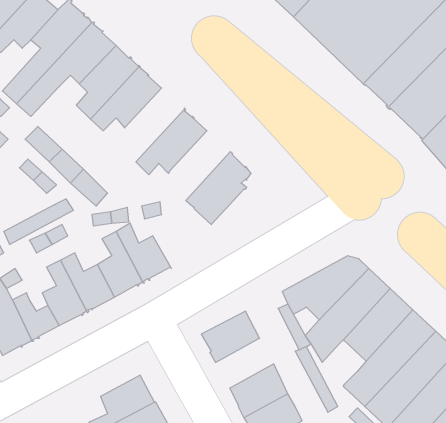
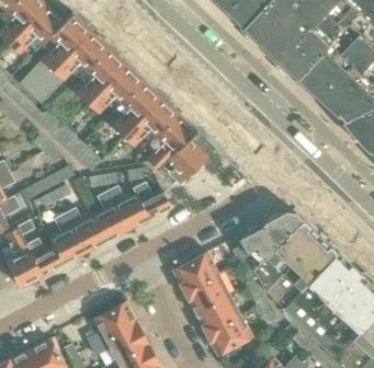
building: none -> [111,80,159,137]
building: none -> [146,113,194,170]
building: none -> [132,181,170,219]
building: none -> [183,273,228,311]

